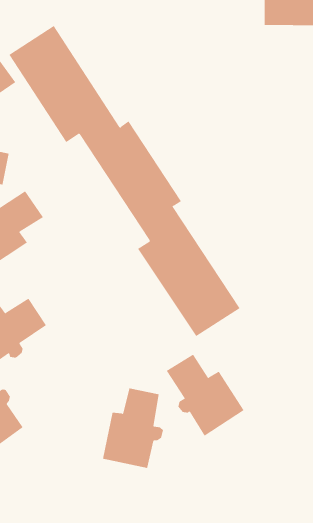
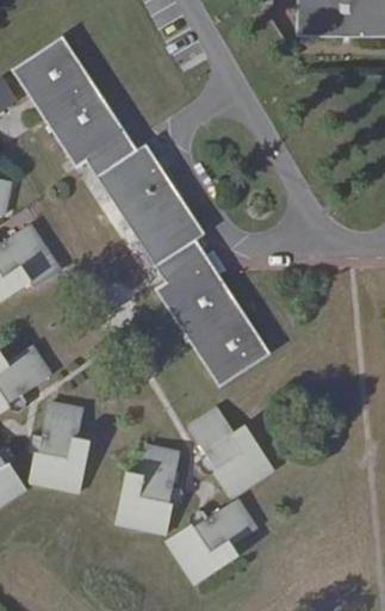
building: none -> [27,400,91,495]
building: none -> [166,498,257,586]

